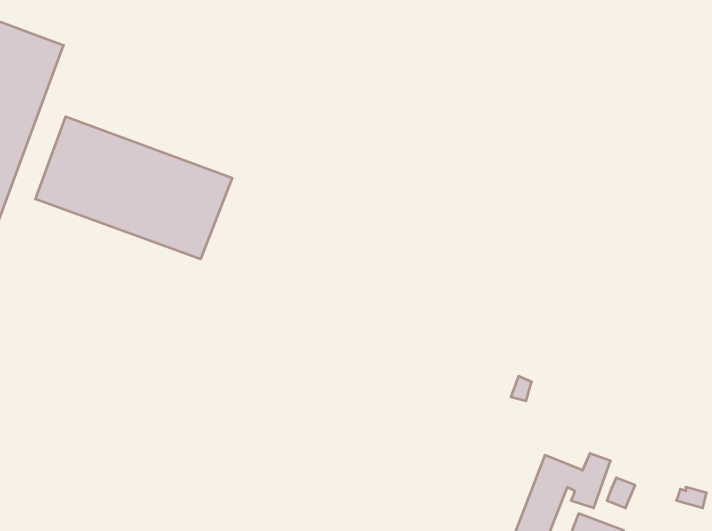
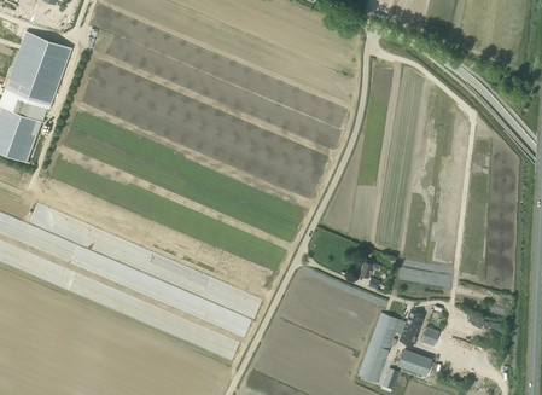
building: [35,117,232,259] -> none

